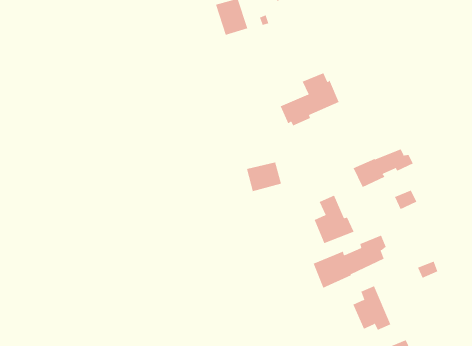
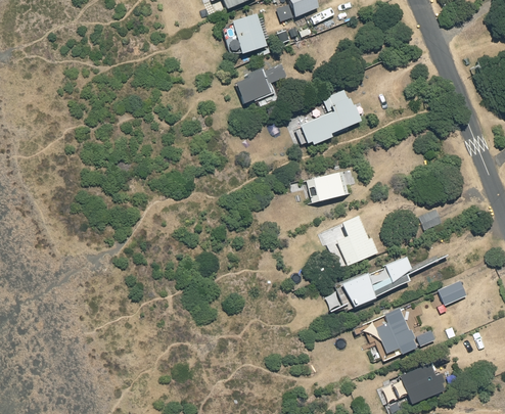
building: none -> [236,64,286,103]
building: [353,149,413,188] -> none
building: [246,162,282,192] -> [306,173,342,203]

